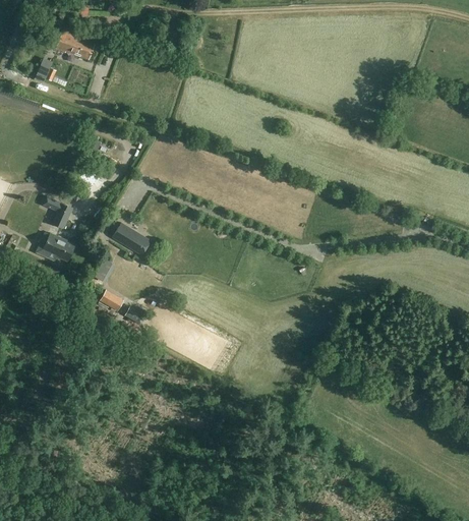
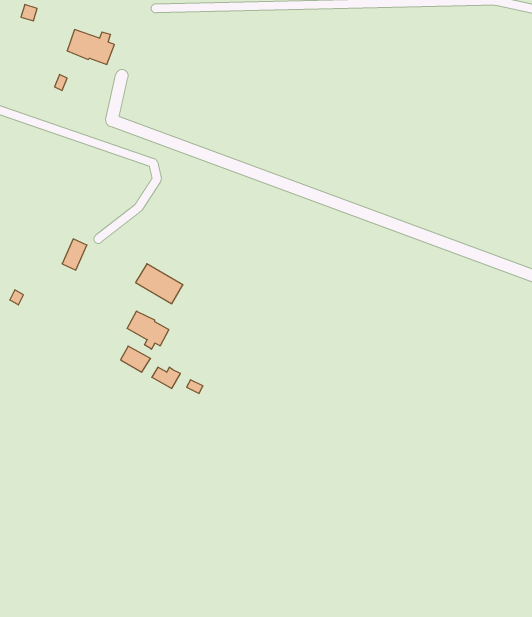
building: [36,232,75,262] -> none
building: none -> [127,311,169,349]

